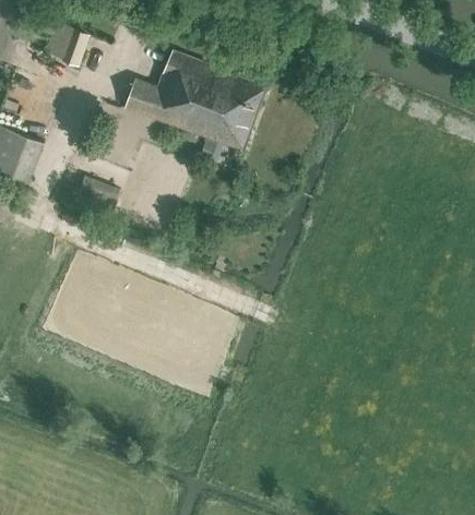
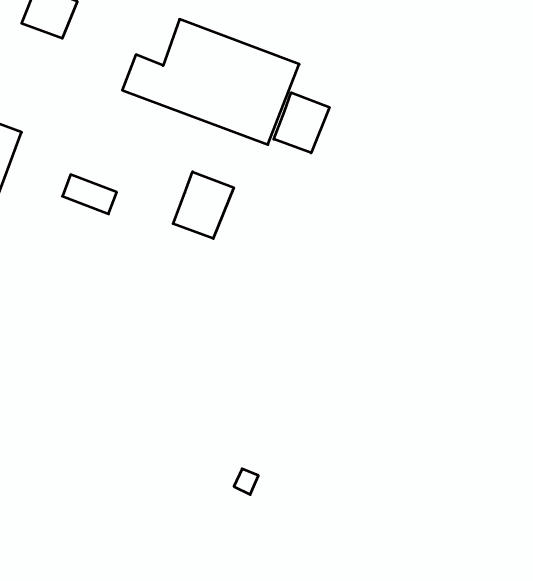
building: none -> [274,93,329,153]
building: none -> [173,172,234,239]

